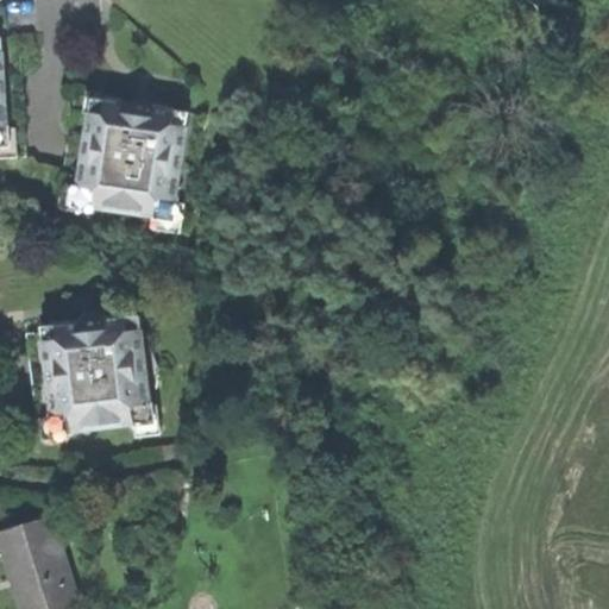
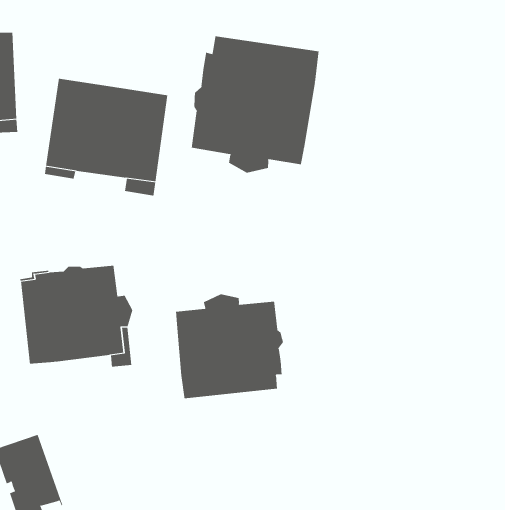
building: none -> [191,35,319,174]
building: none -> [176,294,283,399]

